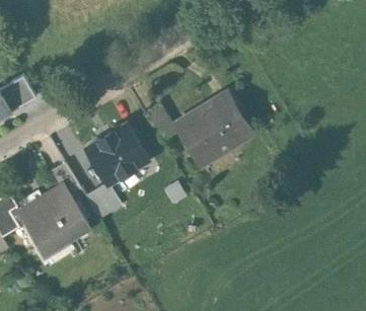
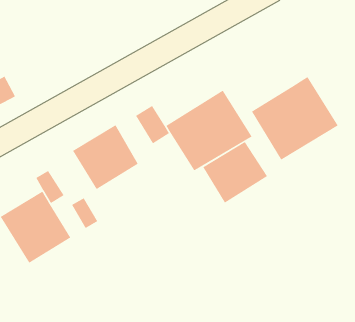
building: none -> [251,76,339,160]
building: none -> [203,141,268,203]

